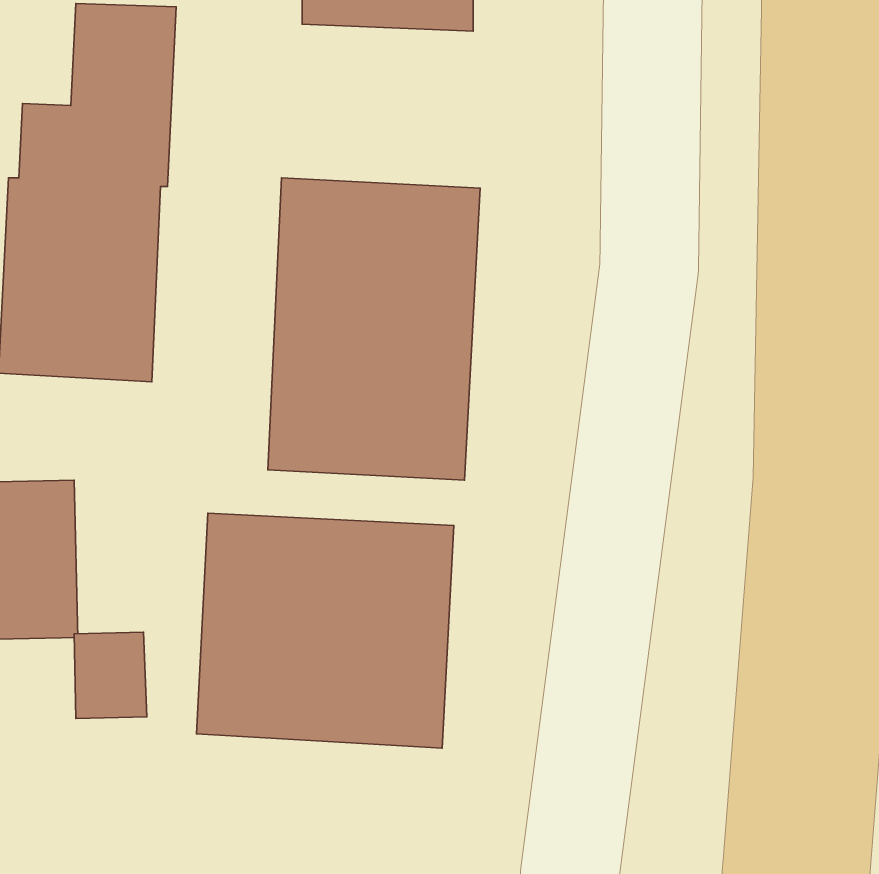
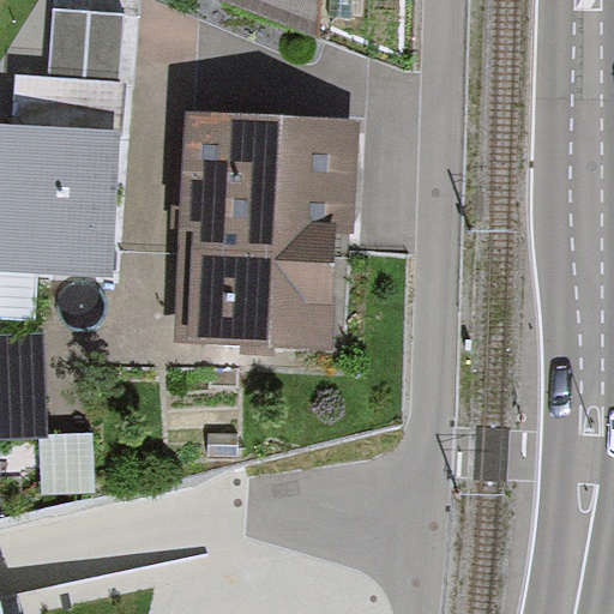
building: [196,513,454,748] -> none

